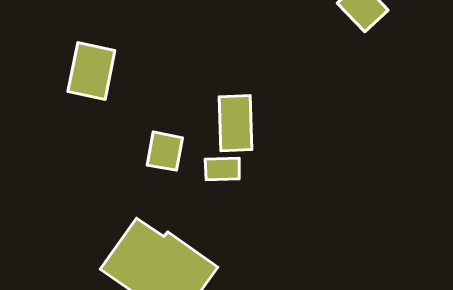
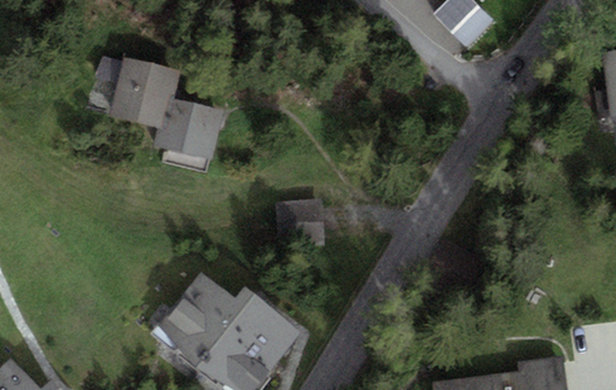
building: [219,95,252,151] -> none
building: [147,132,182,170] -> [164,109,208,156]

